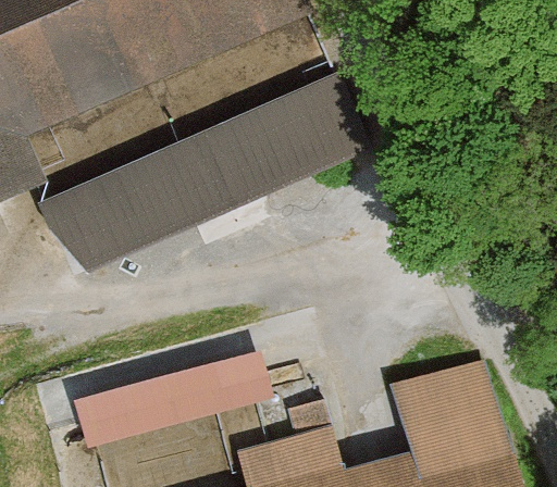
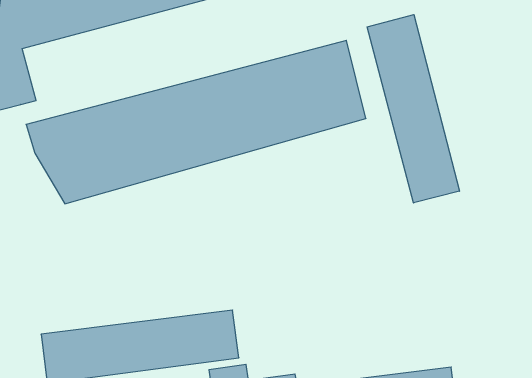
building: none -> [367,15,459,203]

